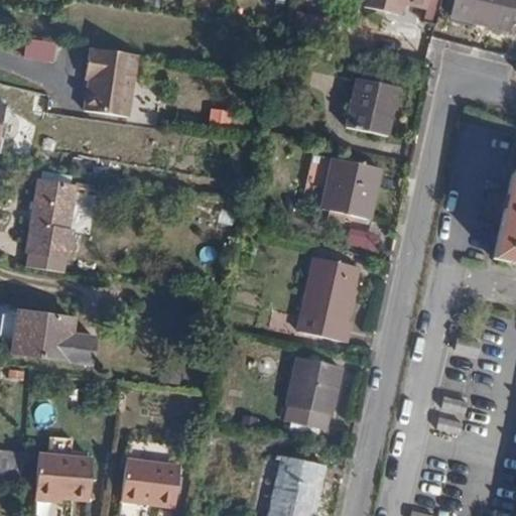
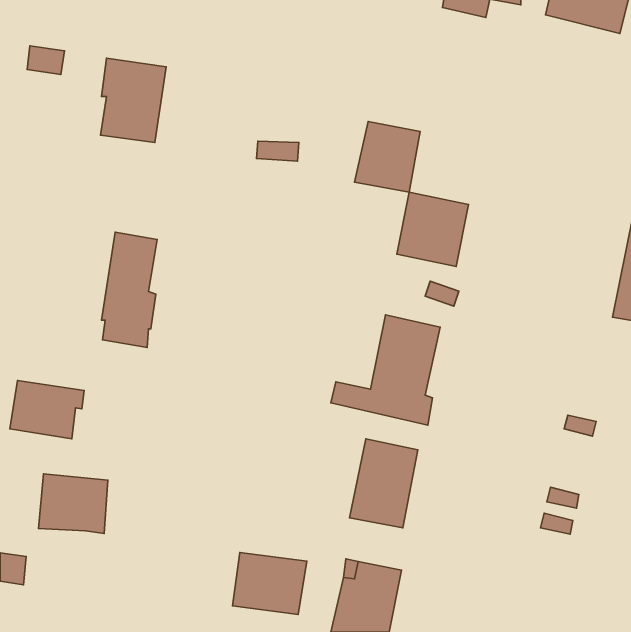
building: [348,79,401,136] -> [355,121,420,192]
building: [24,178,70,272] -> [101,232,157,347]
building: [60,332,94,362] -> none
building: [33,450,90,499] -> [38,474,108,533]
building: [120,456,180,506] -> [232,553,307,615]

